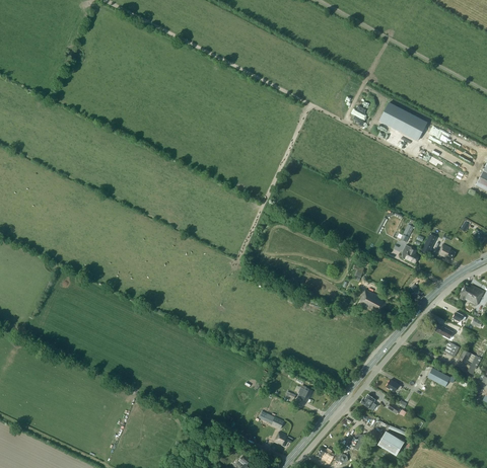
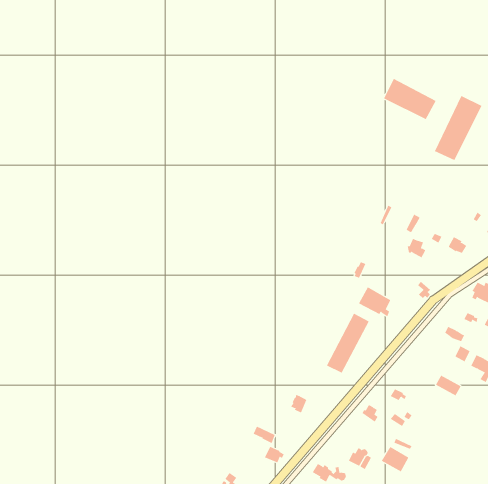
building: none -> [434,95,482,161]
building: none -> [326,313,370,373]

